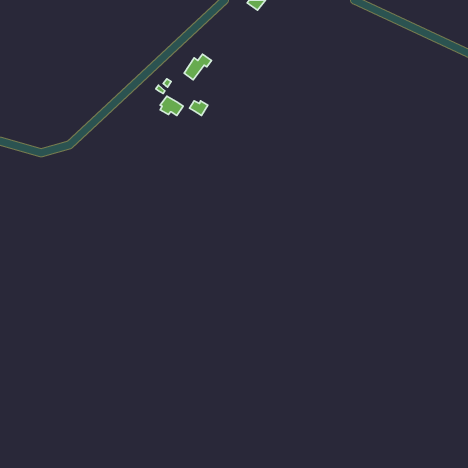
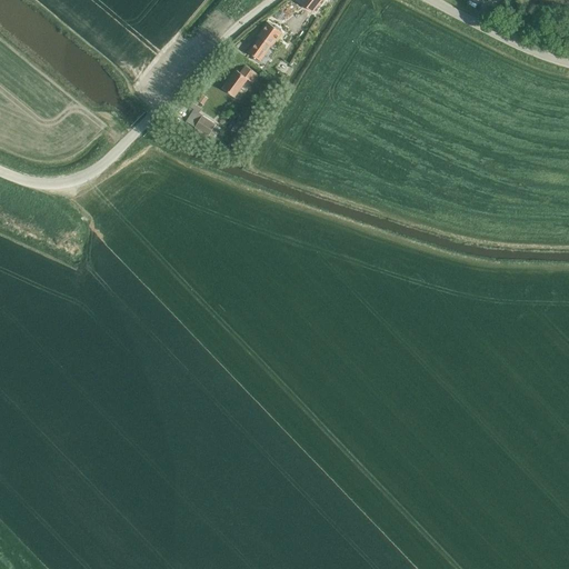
building: none -> [249,22,282,60]

